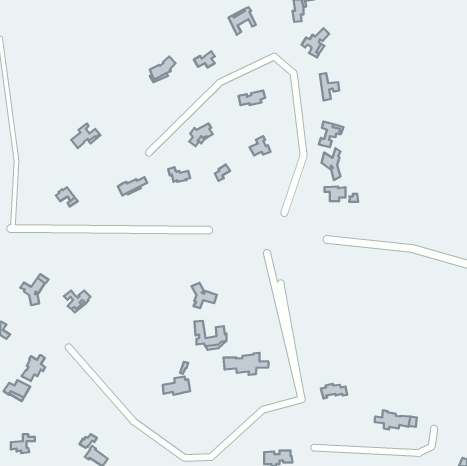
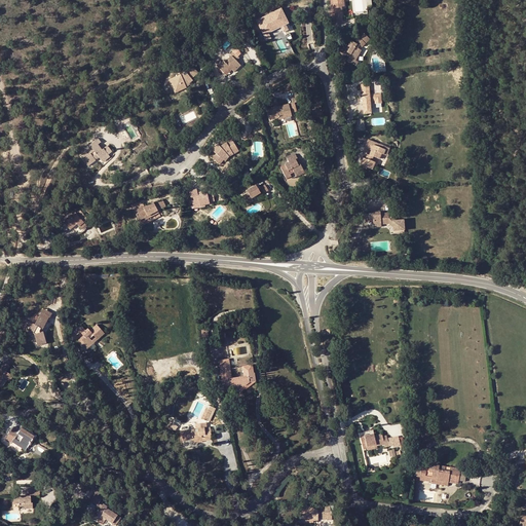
building: [321,148,340,180] -> none
building: [192,283,217,308] -> none
building: [223,353,269,375] -> none
building: [22,355,45,381] -> none

